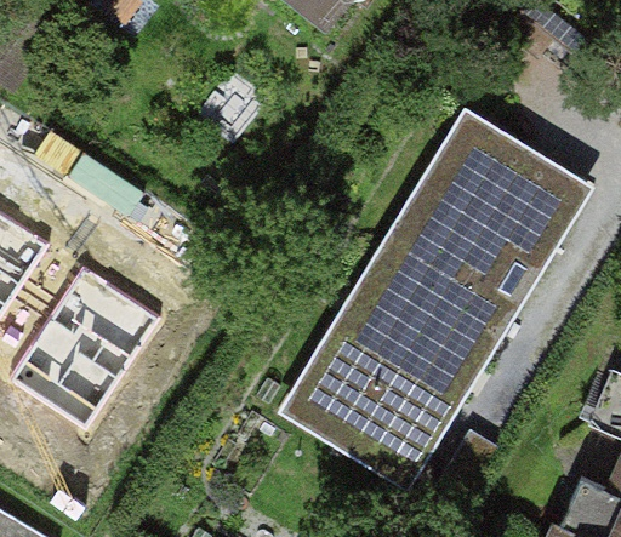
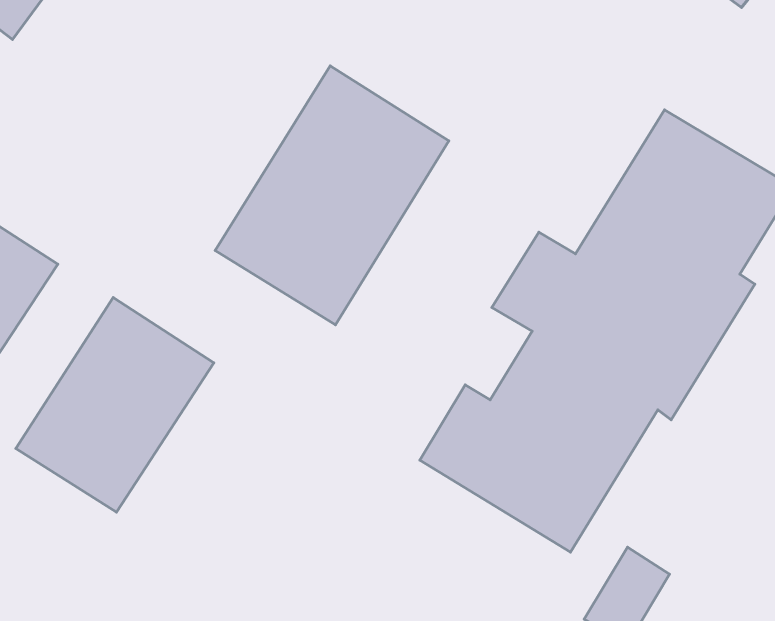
building: none -> [215,66,449,325]

